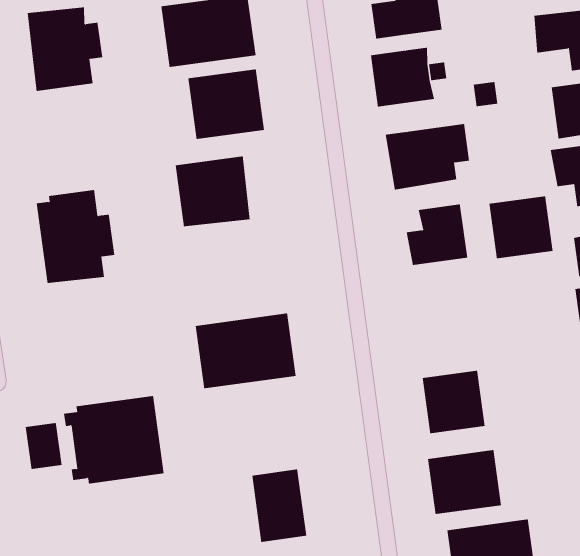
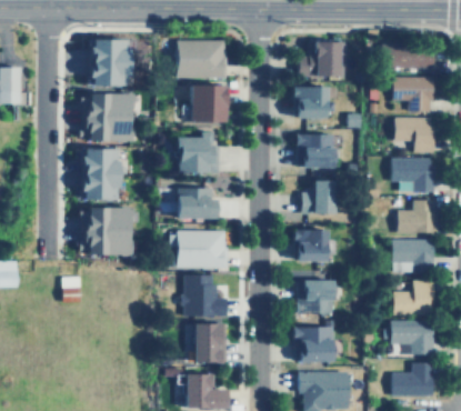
building: none -> [88,89,142,134]
building: [489,196,553,259] -> none
building: none -> [171,188,213,219]
building: none -> [293,231,325,262]
building: none -> [186,274,230,313]
building: [63,395,164,484] -> [87,203,141,250]

